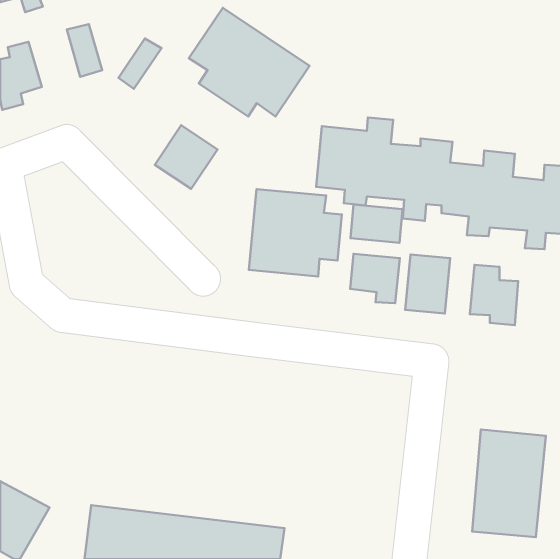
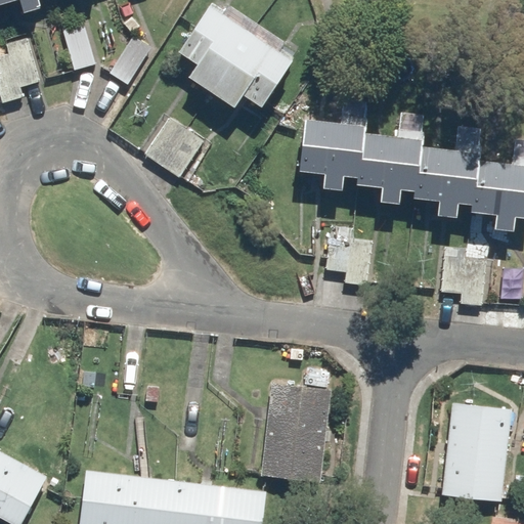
building: [249,189,342,276] -> none
building: [350,204,403,243] -> none
building: [405,254,450,314] -> none
building: none -> [263,384,332,482]

